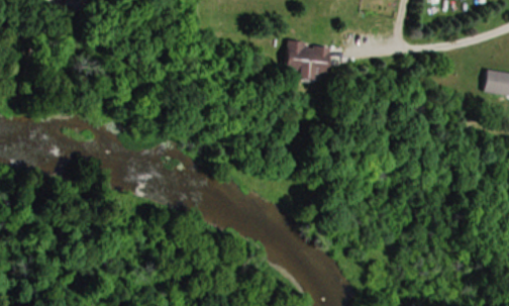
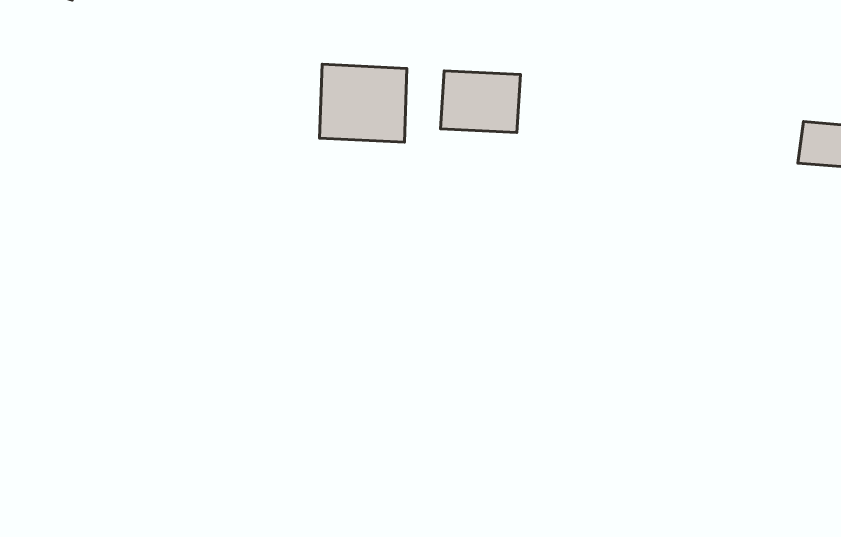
building: none -> [320,64,407,142]

